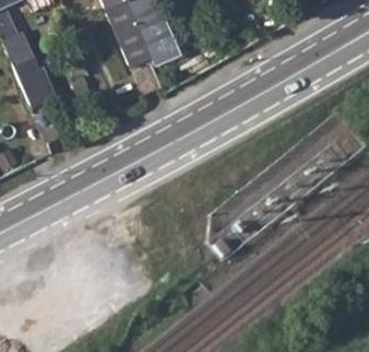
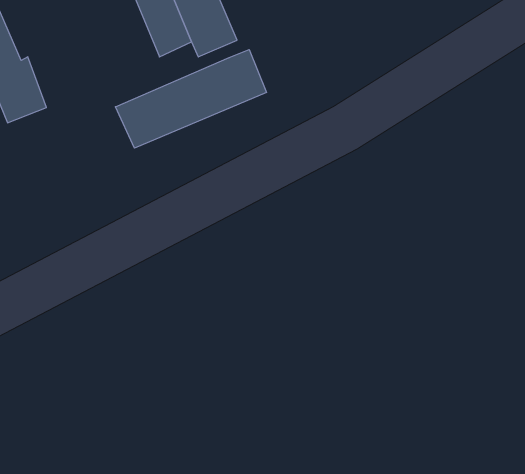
building: none -> [115,50,267,148]

